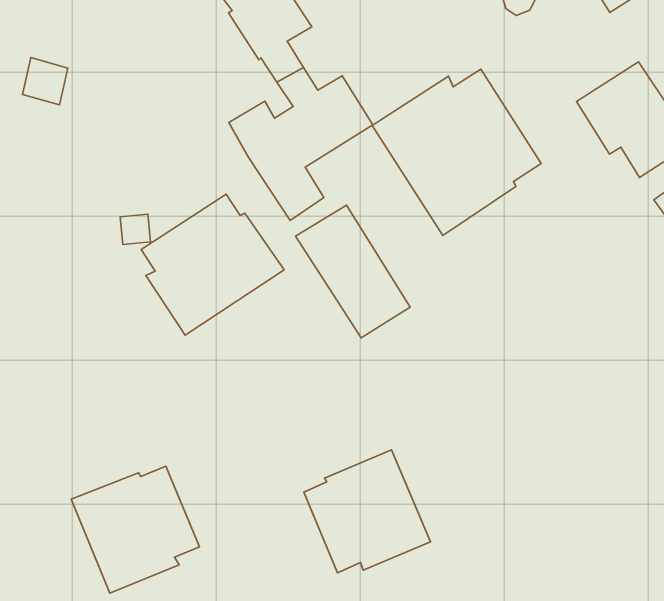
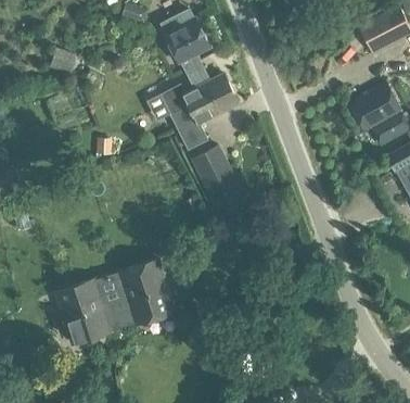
building: [372,69,541,236] -> none
building: [141,194,284,335] -> none
building: [304,450,430,573] -> [108,259,175,323]

